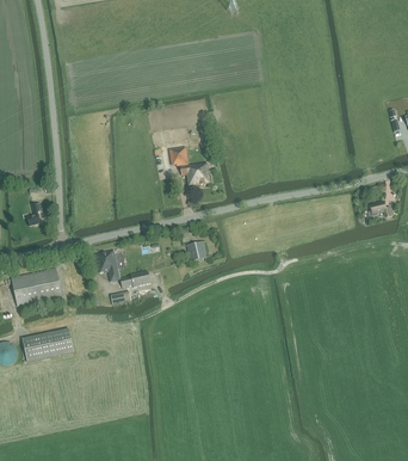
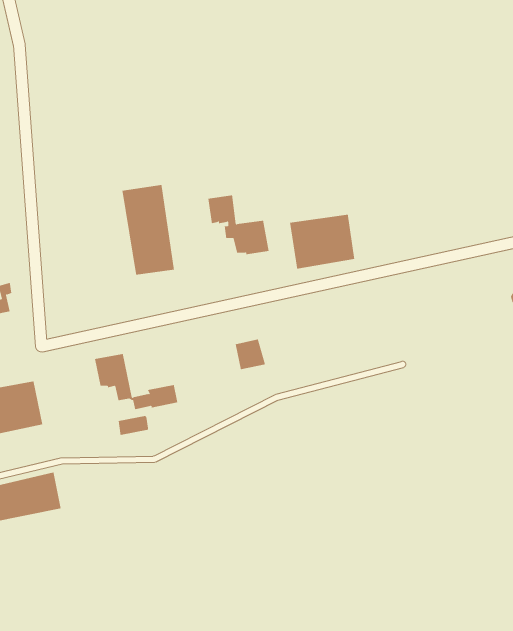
building: none -> [122,184,174,276]
building: none -> [289,214,355,269]

